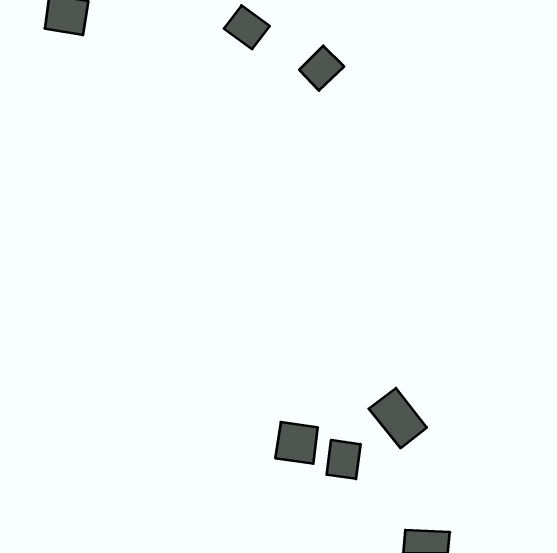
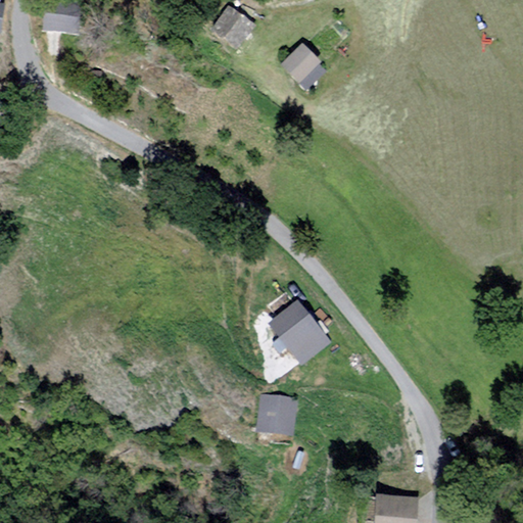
building: [369,388,427,448] -> [274,304,328,361]
building: [327,440,360,479] -> none

